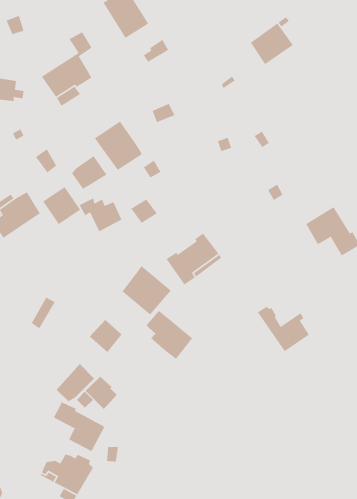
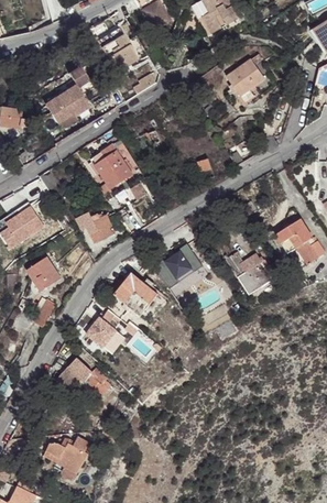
building: [71,155,108,190] -> none
building: [42,186,81,225] -> [28,256,62,291]
building: [257,306,310,352] -> [226,253,272,294]
building: [146,310,193,360] -> none
building: [53,401,105,452] -> none

